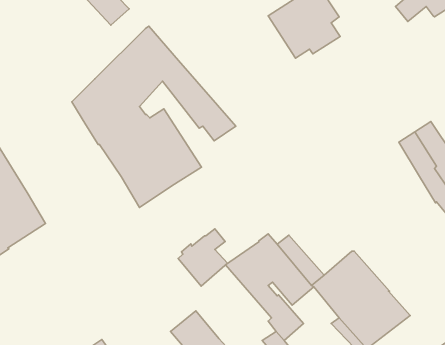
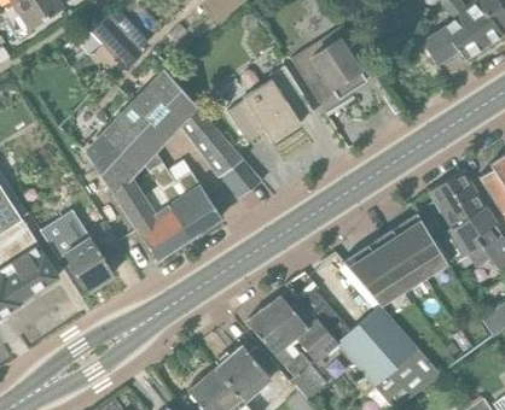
building: none -> [227,66,309,144]
building: none -> [342,215,447,306]
building: none -> [46,216,122,289]
building: [178,229,228,286] -> [215,338,267,398]

